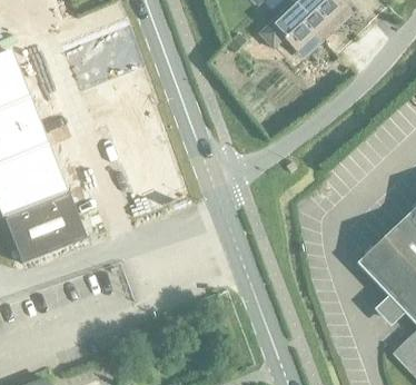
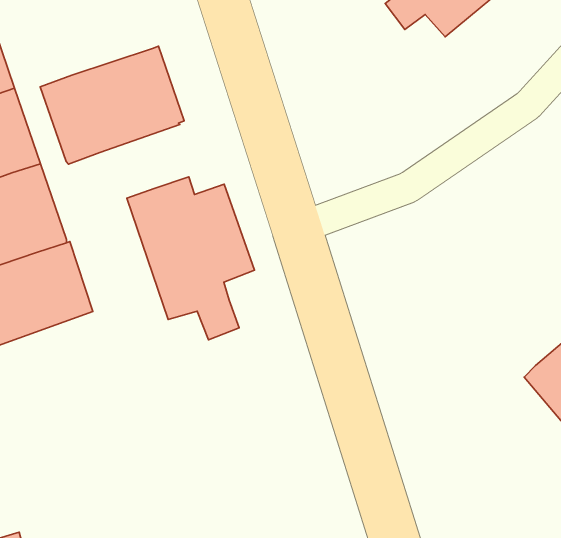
building: none -> [40,46,184,164]
building: none -> [127,177,254,340]

